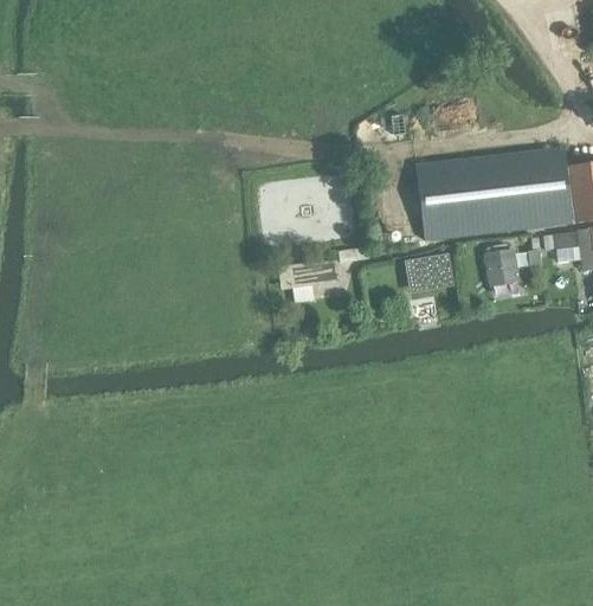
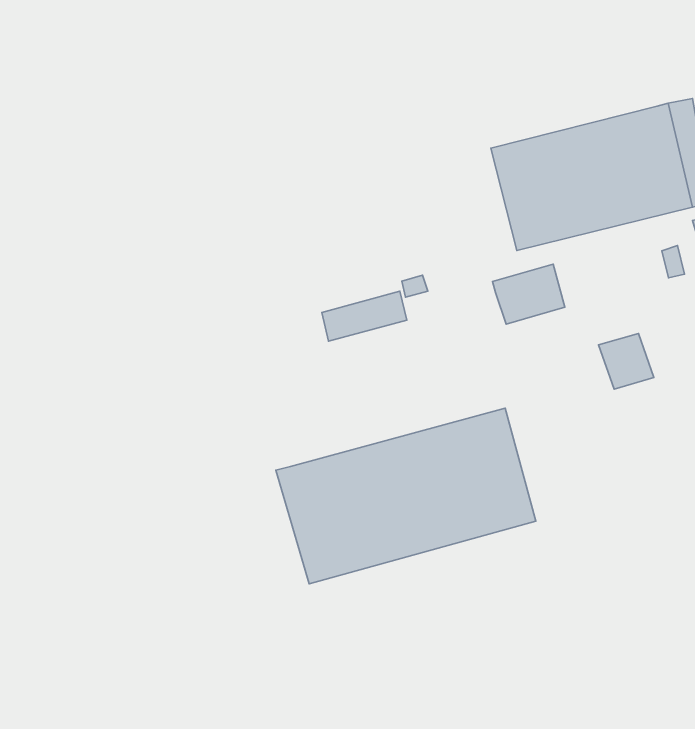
building: [483,249,520,286] -> [599,333,654,389]
building: none -> [276,408,536,584]

